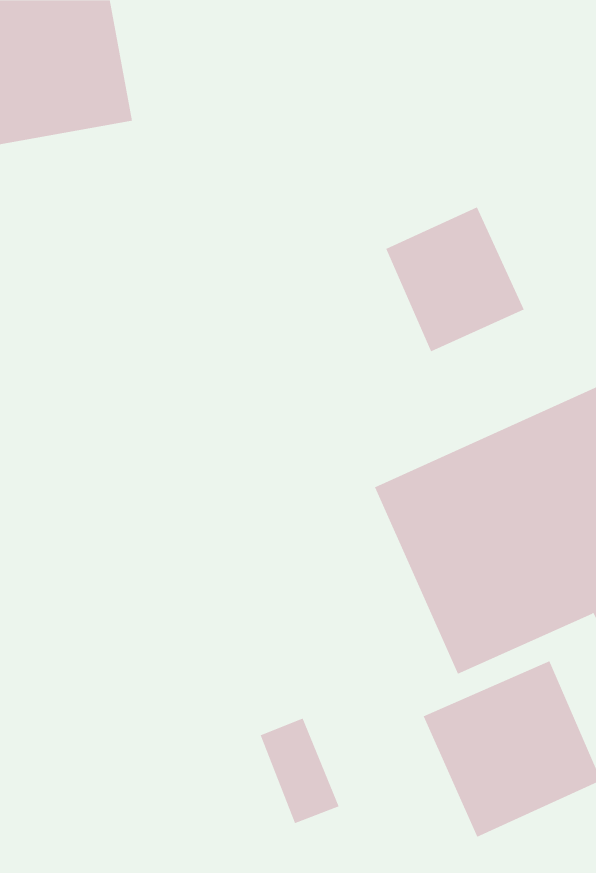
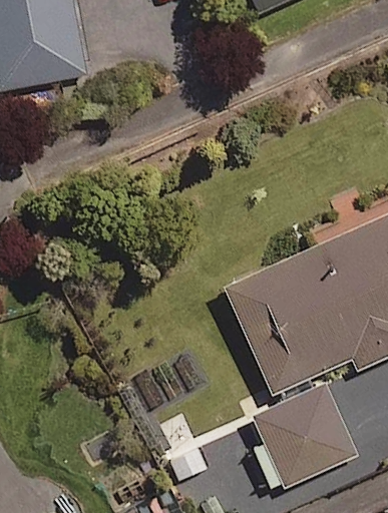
building: [385,206,524,352] -> none

